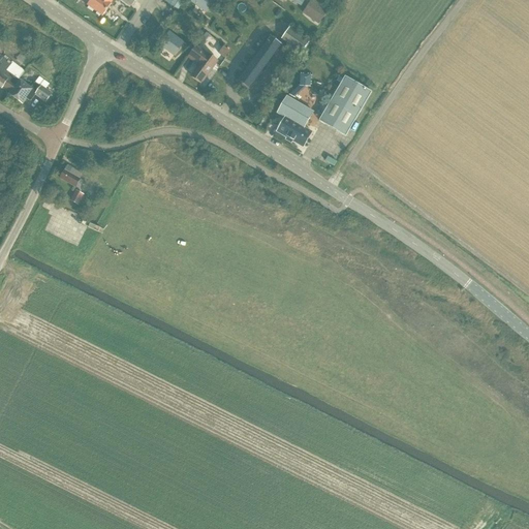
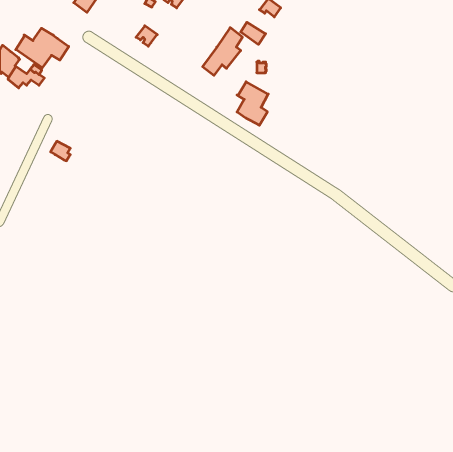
building: none -> [16,28,69,68]
building: [186,45,214,81] -> none
building: [318,74,371,134] -> none

